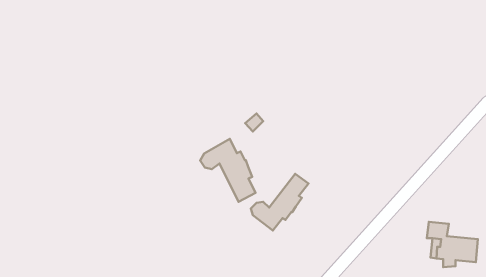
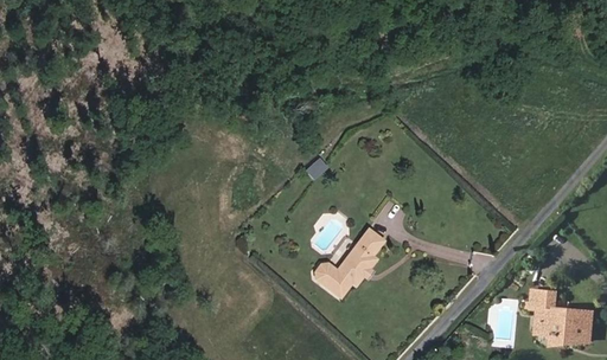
building: [200,139,256,202] -> none

